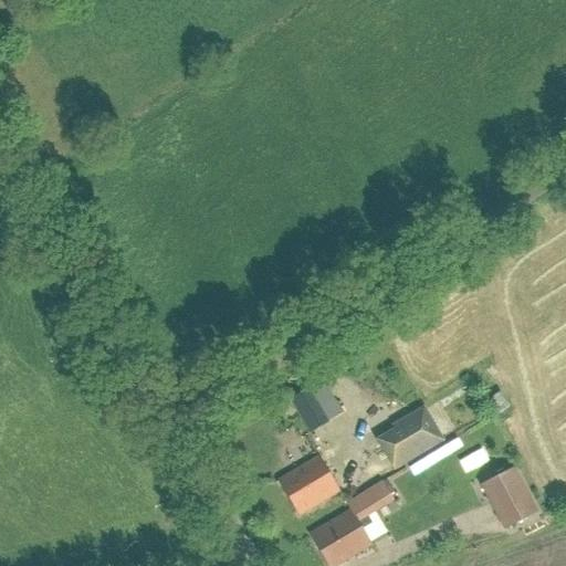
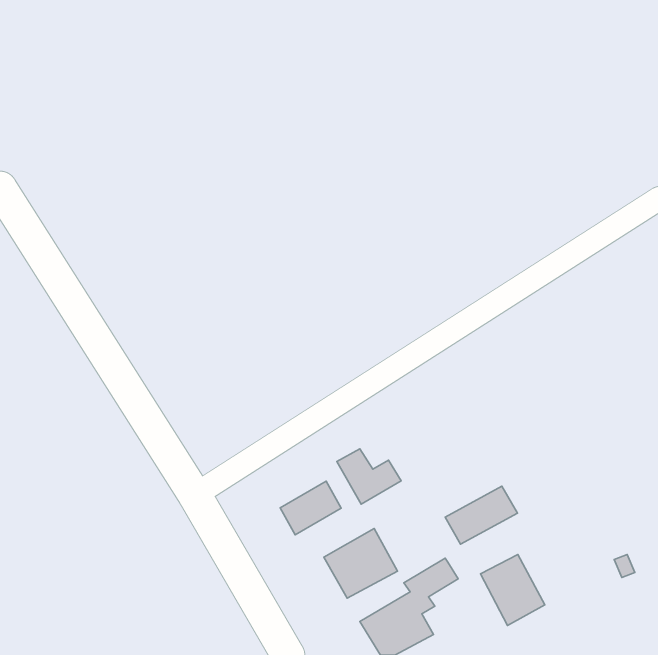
building: none -> [280,481,341,535]
building: [482,465,537,526] -> [480,555,545,626]

